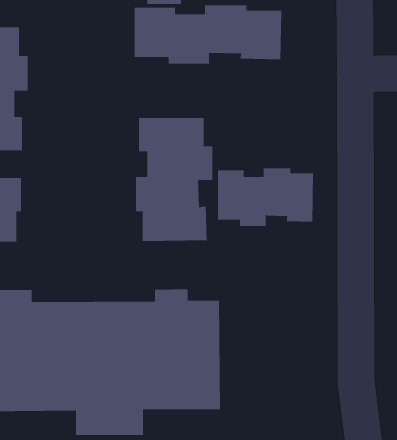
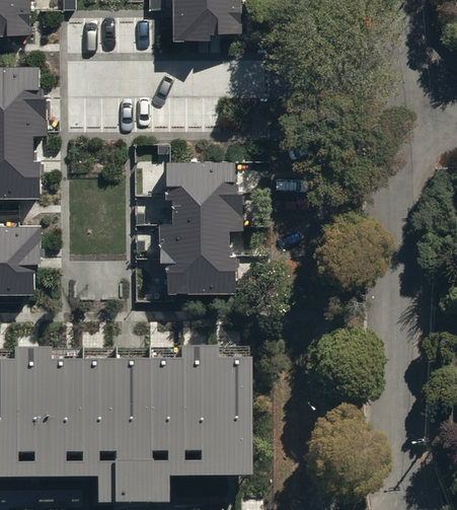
building: [134,5,282,64] -> none
building: [217,167,314,227] -> none

